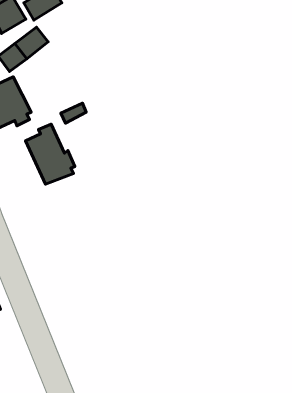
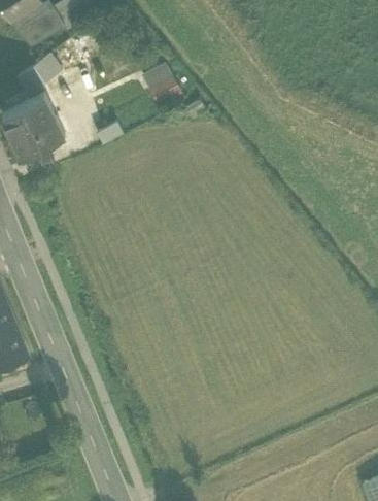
building: none -> [143,62,182,105]
building: [25,124,75,184] -> none

